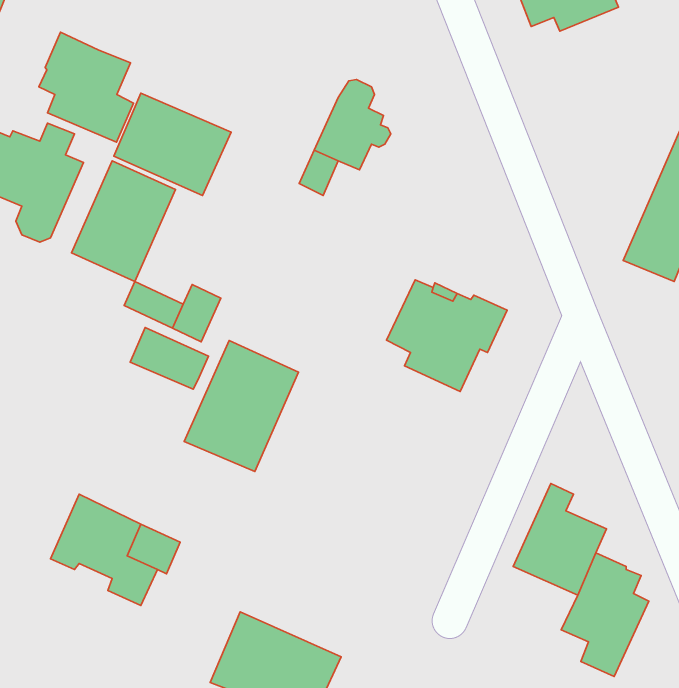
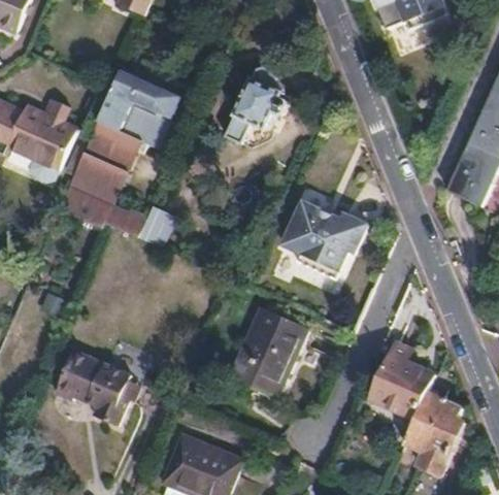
building: [39,32,134,142] -> none
building: [130,327,208,389] -> [58,185,111,227]
building: [184,340,299,472] -> [229,306,307,396]

